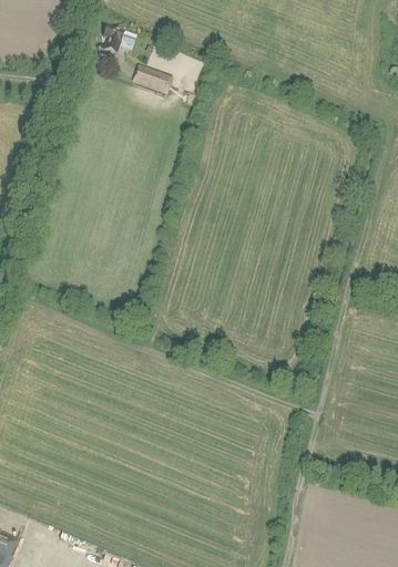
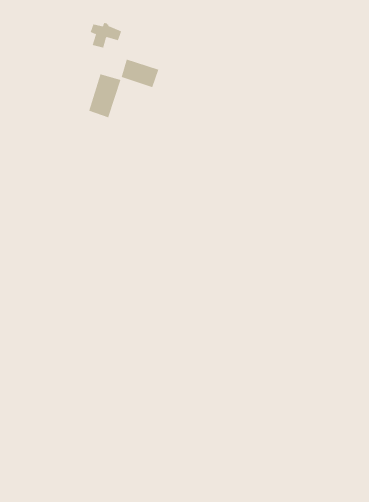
building: none -> [88,73,121,118]

